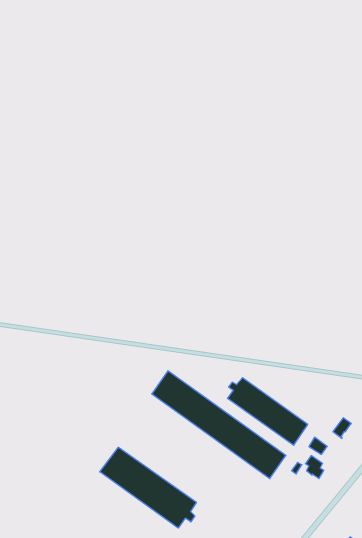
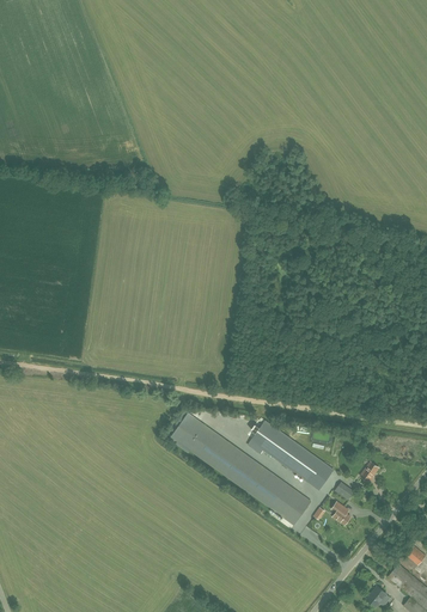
building: [100,447,196,528] -> none

